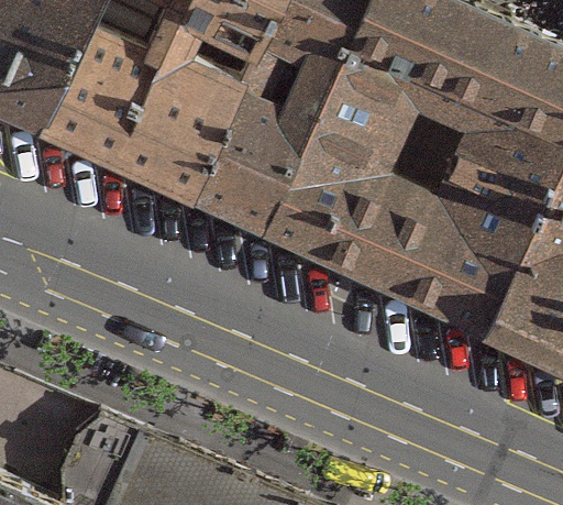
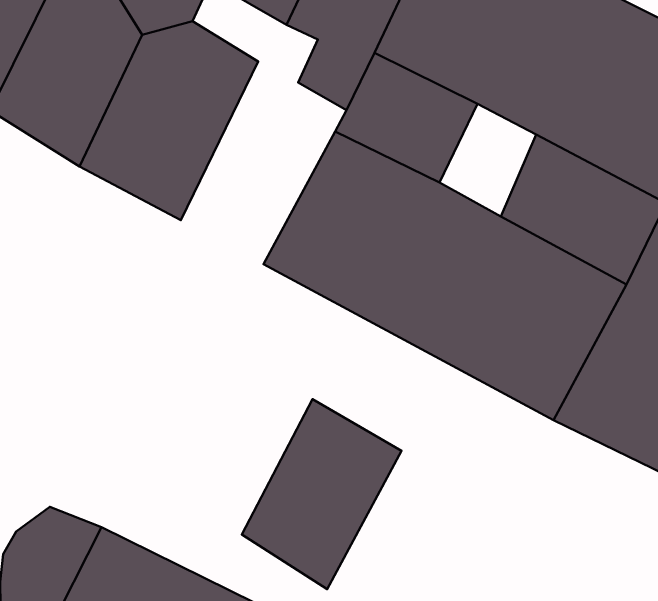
building: [189,81,309,233] -> none
building: none -> [242,399,402,589]

